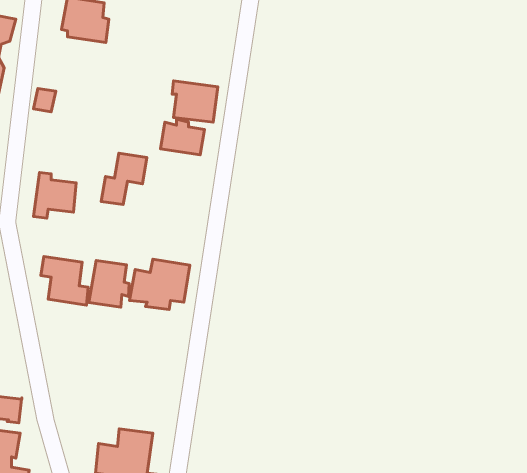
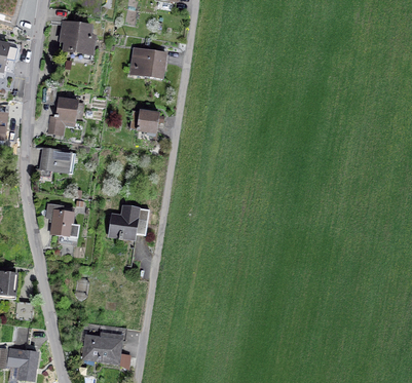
building: [172,81,218,122] -> [133,48,164,77]
building: [101,153,147,205] -> [46,99,78,135]
building: [89,260,129,307] -> none

